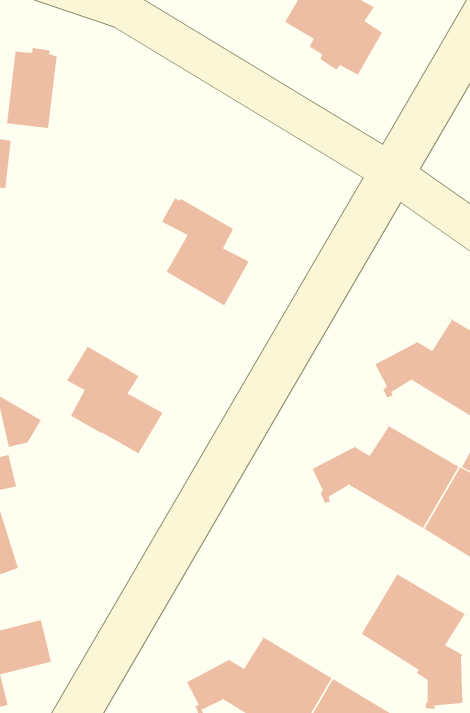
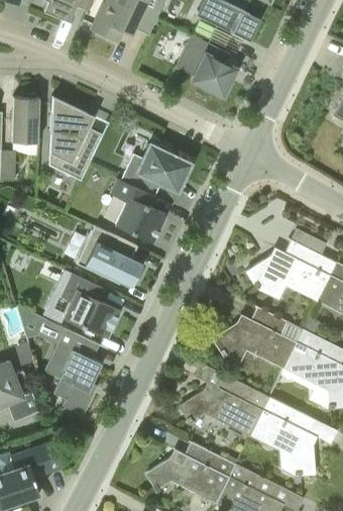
building: none -> [48,95,100,181]
building: none -> [121,144,190,195]
building: none -> [76,225,142,287]
building: none -> [43,328,101,415]
building: none -> [180,374,269,435]

